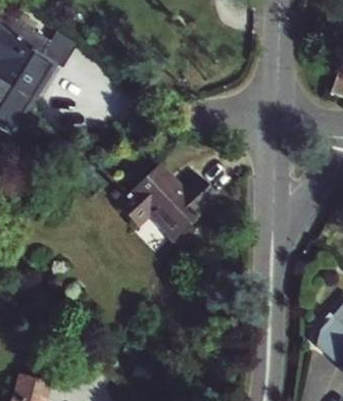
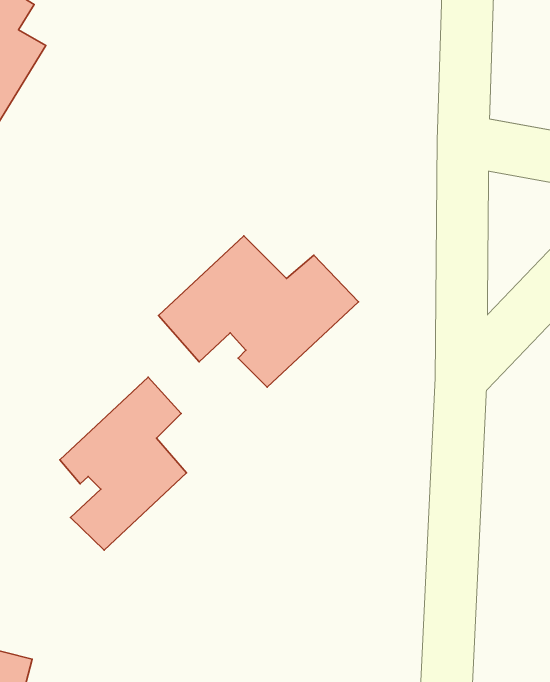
building: none -> [60,377,187,550]

